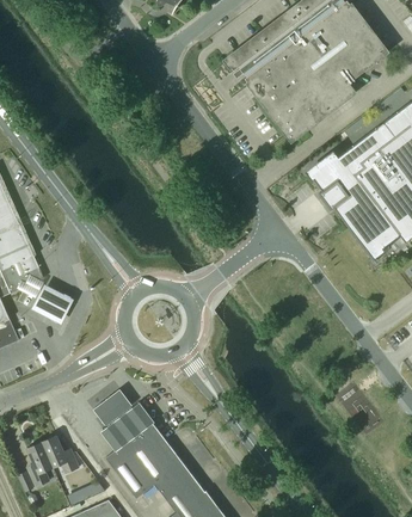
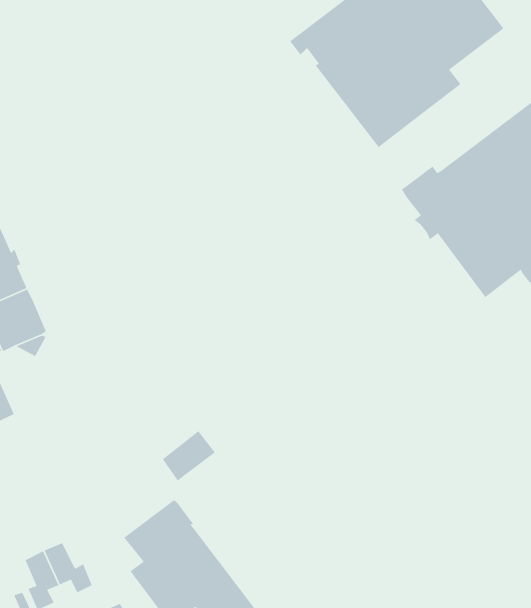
building: [31,284,74,325] -> none
building: [92,388,133,426] -> [162,430,216,481]

